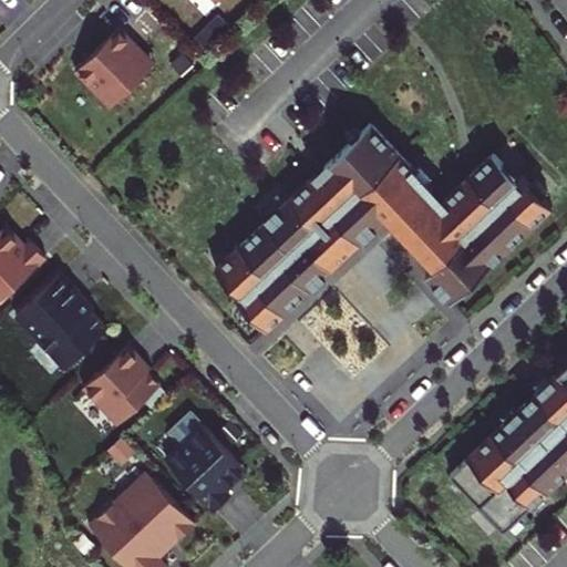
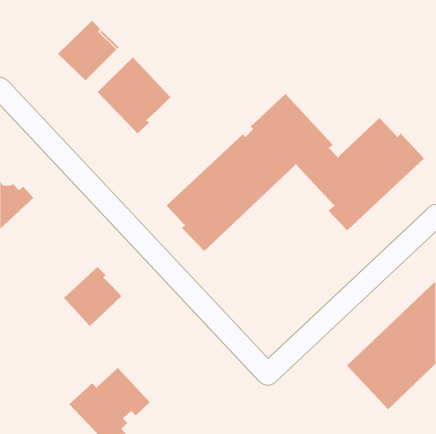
building: none -> [97,57,171,134]
building: [14,277,105,372] -> none
building: [164,425,238,513] -> none

